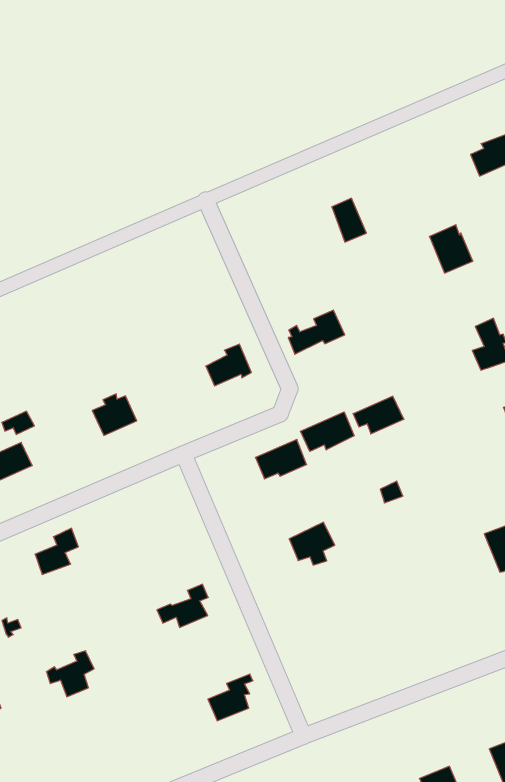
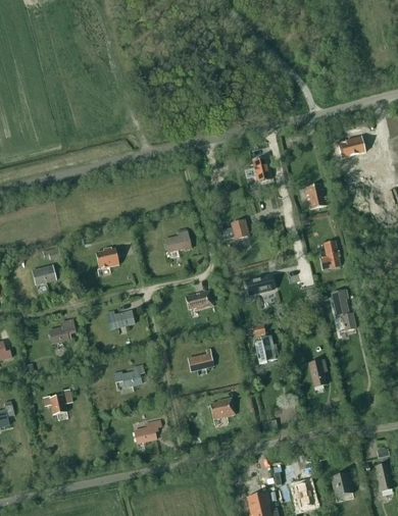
building: [301,412,354,451] -> none
building: none -> [106,310,135,329]
building: none -> [255,337,276,363]
building: none -> [209,398,235,419]

